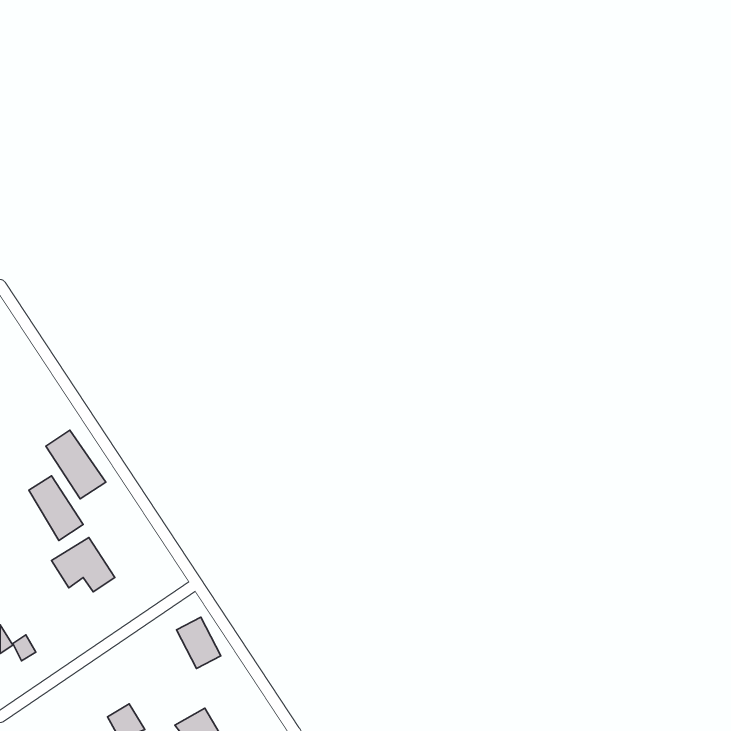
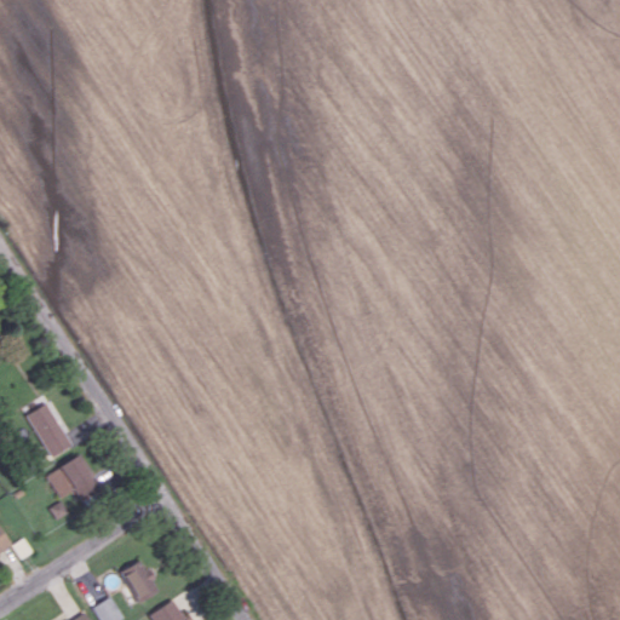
building: [46,430,106,499] -> none
building: [176,617,221,669] -> [121,558,159,602]

